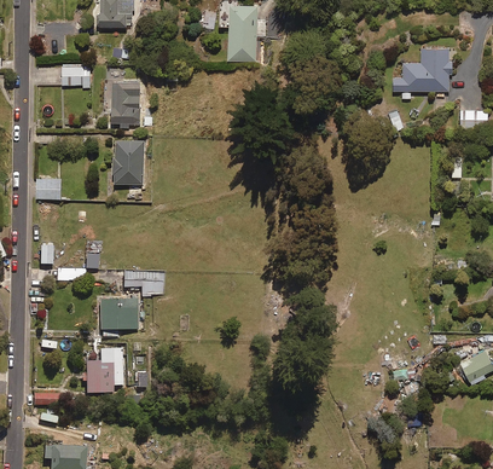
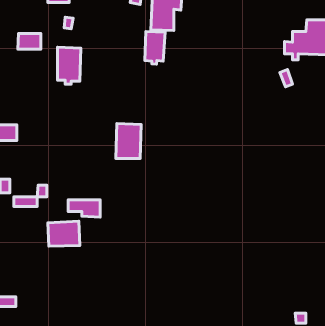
building: none -> [145,32,165,64]
building: [112,140,144,184] -> [116,124,141,159]
building: [85,348,123,394] -> none

